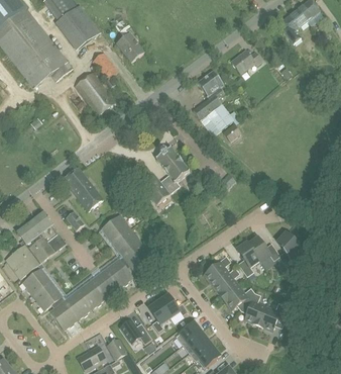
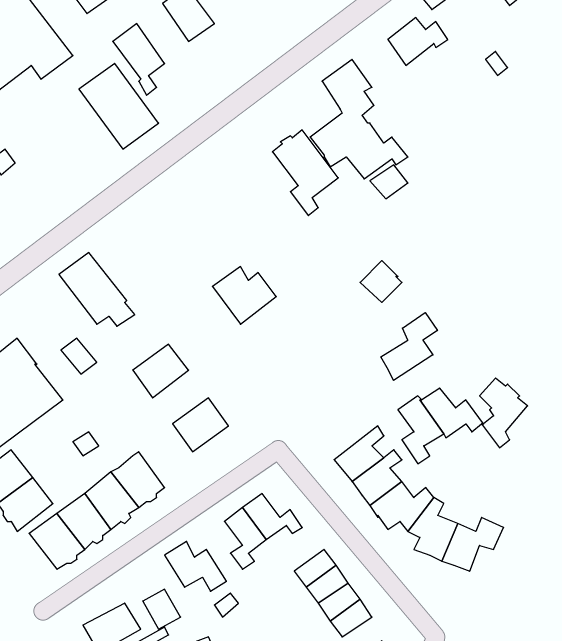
building: [155,147,189,190] -> [272,130,338,216]
building: none -> [381,313,437,380]
building: [111,227,139,255] -> none
building: [104,259,131,287] -> none

